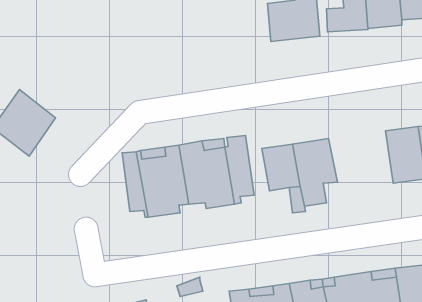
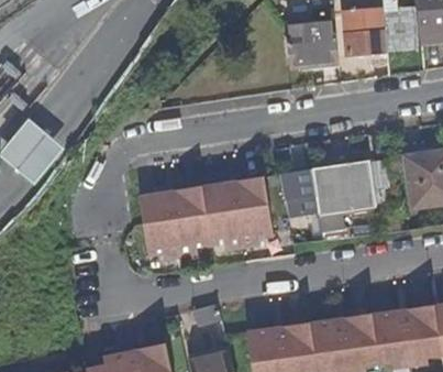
building: none -> [347,172,375,218]

